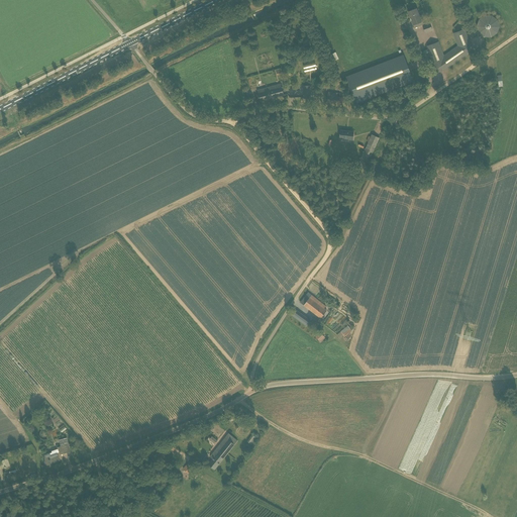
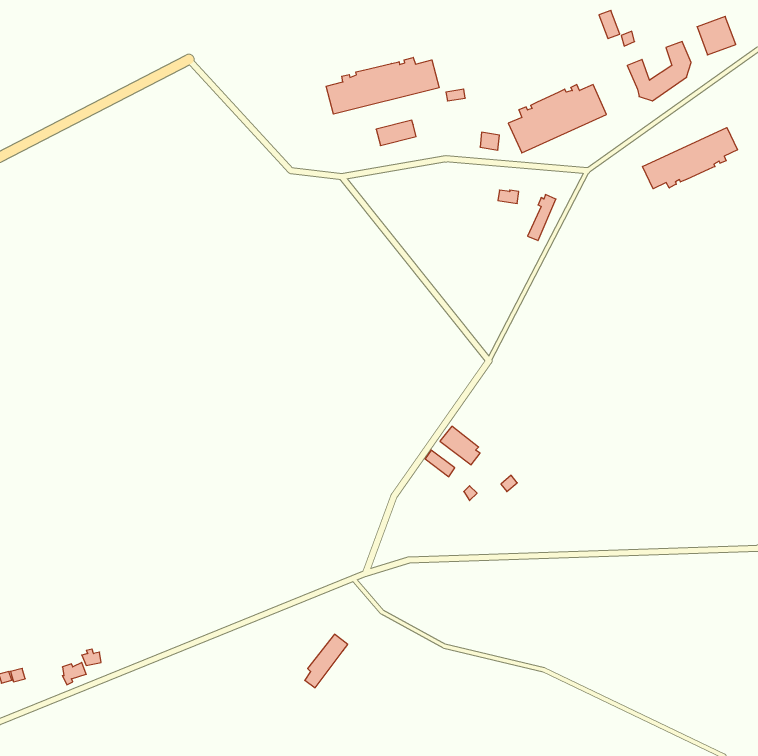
building: none -> [326,57,439,114]
building: none -> [643,128,737,189]

